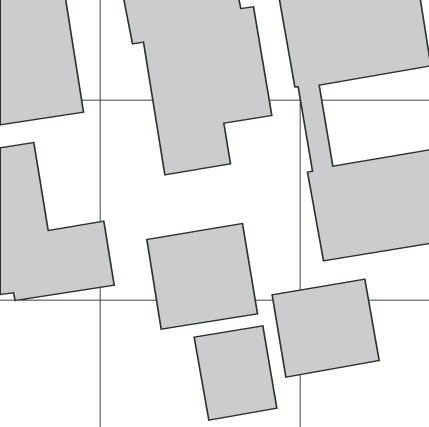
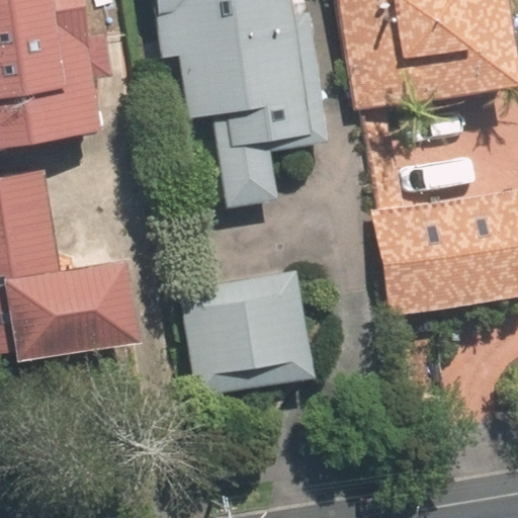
building: [272,279,379,377] -> none
building: [194,326,277,420] -> none

